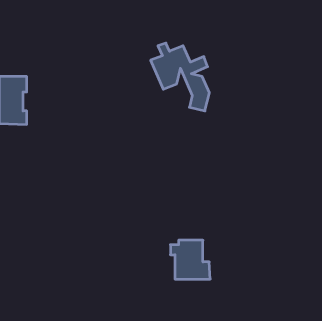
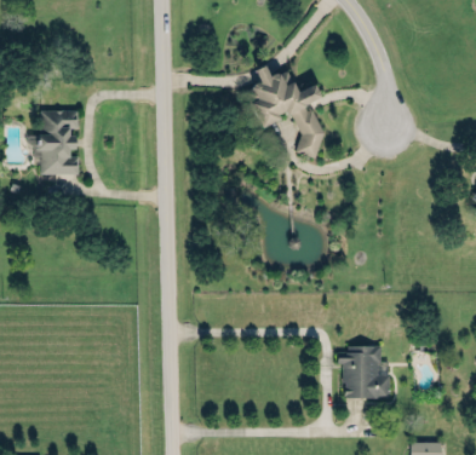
building: [170,240,210,279] -> [338,346,391,398]

